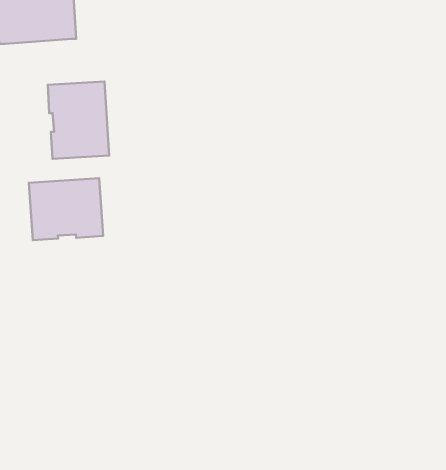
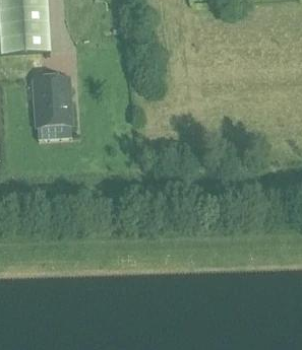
building: [29,178,103,240] -> none

